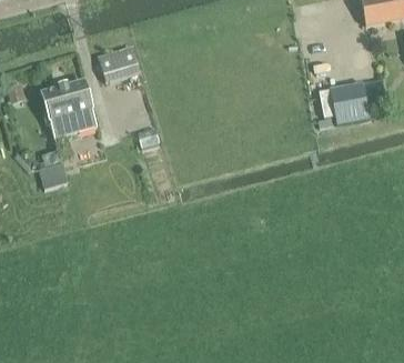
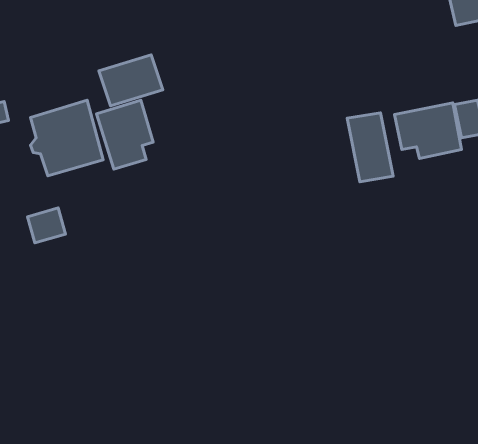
building: none -> [96,100,153,169]
building: none -> [347,113,393,182]

